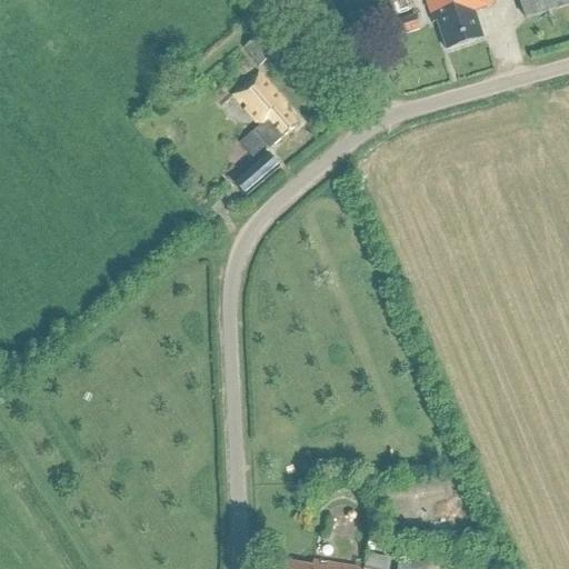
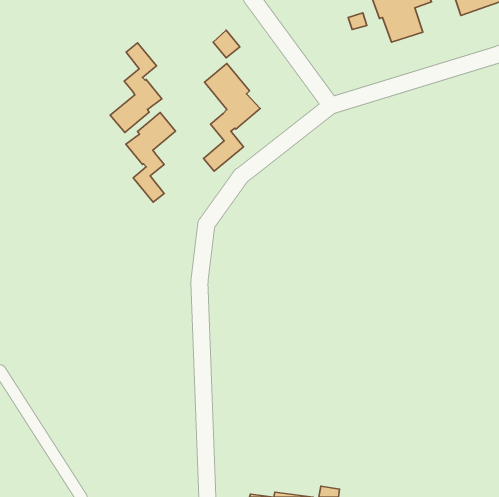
building: none -> [110,43,162,133]
building: none -> [126,112,176,202]

